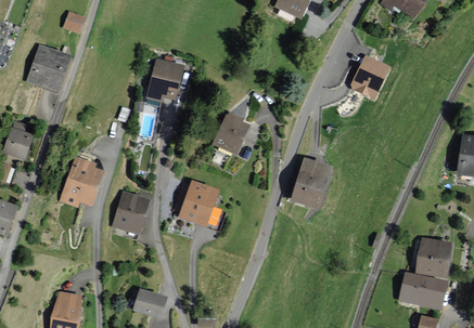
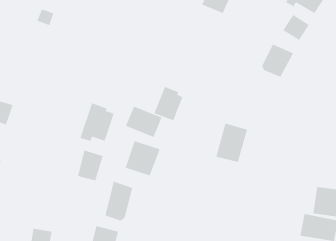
building: none -> [283,14,310,41]
building: [26,44,72,92] -> none
building: [146,60,182,101] -> none
building: none -> [125,106,162,138]
building: [60,156,104,206] -> [80,102,114,142]
building: none -> [105,181,133,221]

